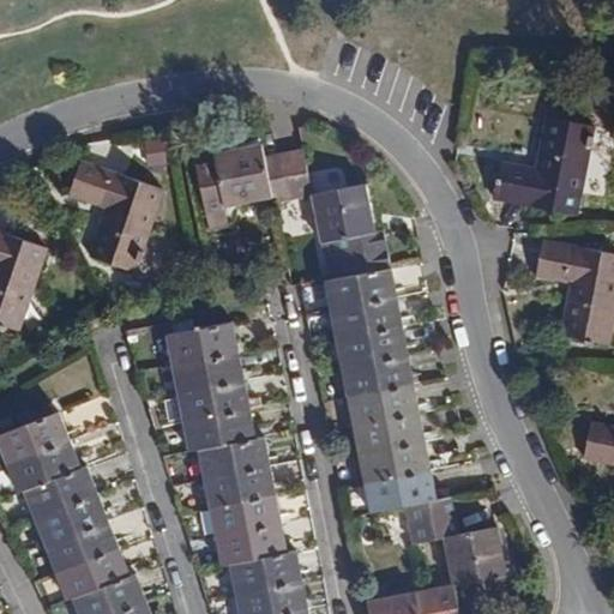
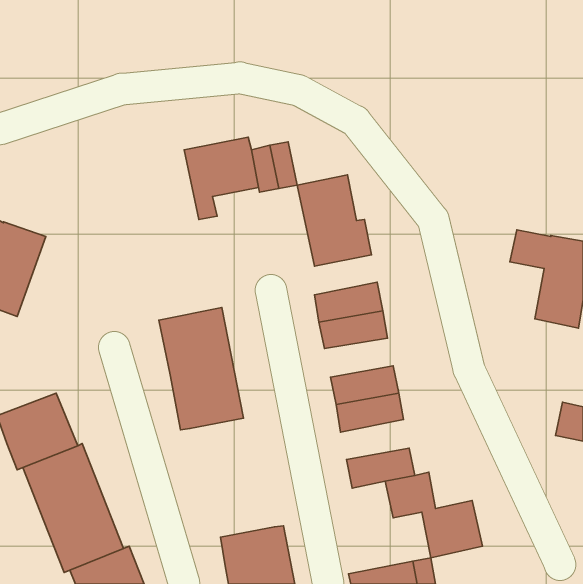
building: [493,116,592,215] -> none
building: [66,159,162,271] -> none
building: [324,267,396,309] -> none
building: [341,355,413,396] -> none
building: [199,437,288,566] -> none
building: [357,440,429,482] -> none

